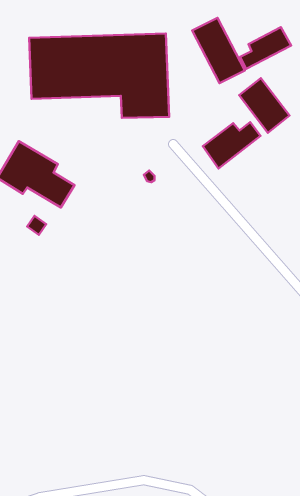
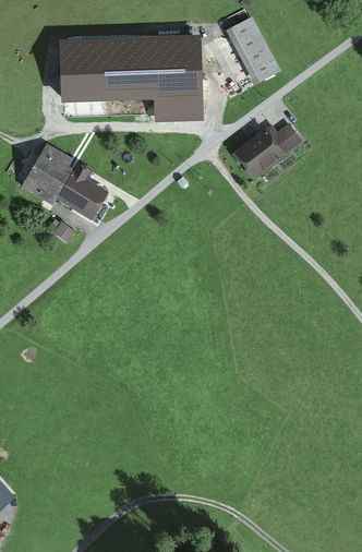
building: [240,27,291,69] -> none
building: [239,78,289,133] -> none

